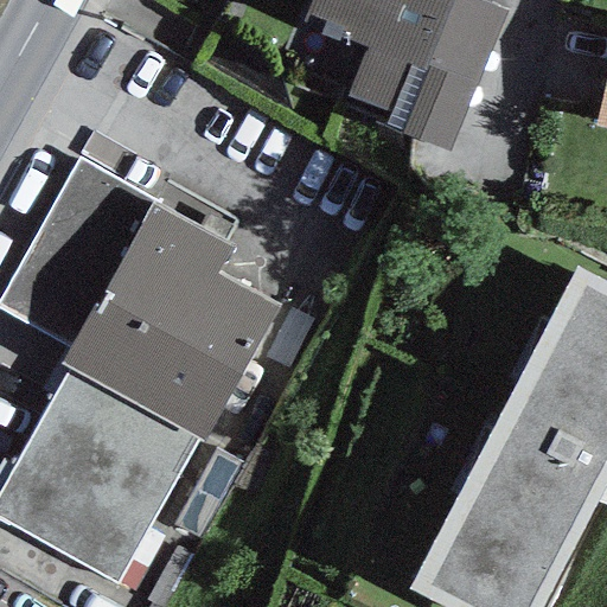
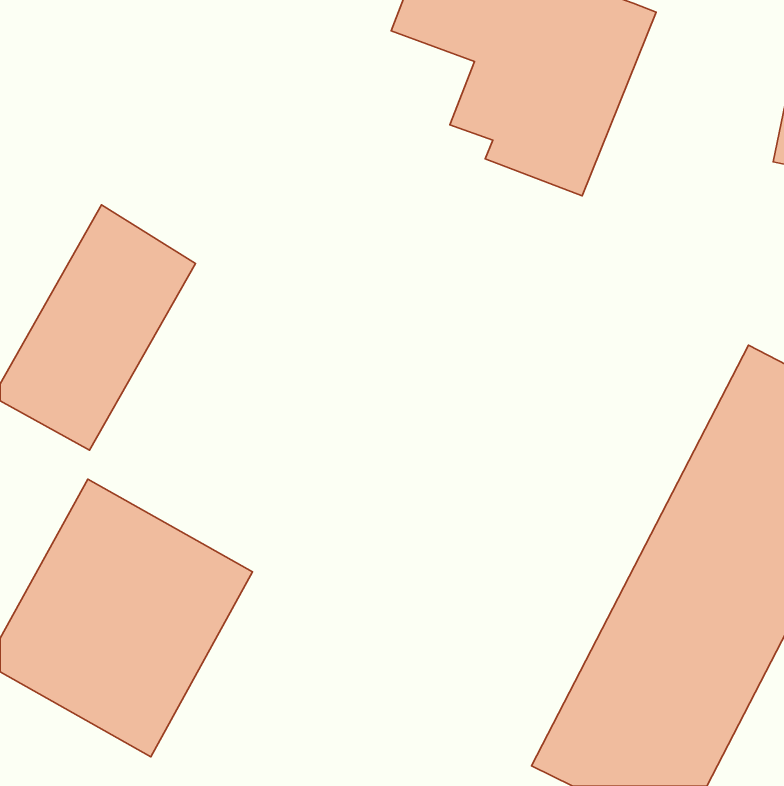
building: [60,203,280,443] -> none

